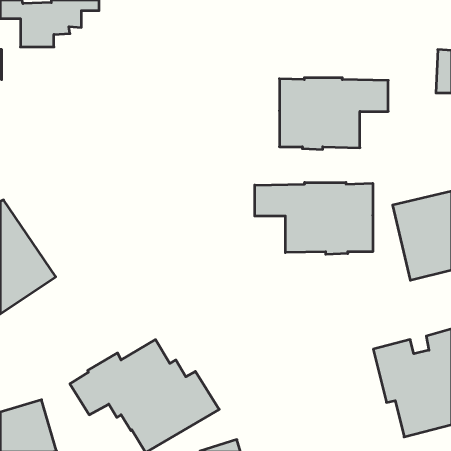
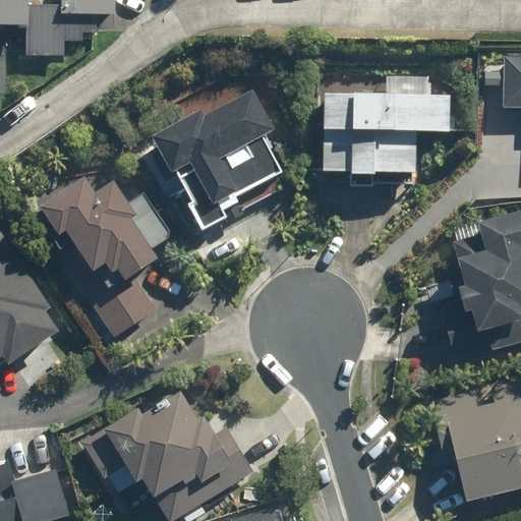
building: none -> [149,90,281,228]
building: none -> [32,176,169,337]
building: [255,182,373,254] -> none

